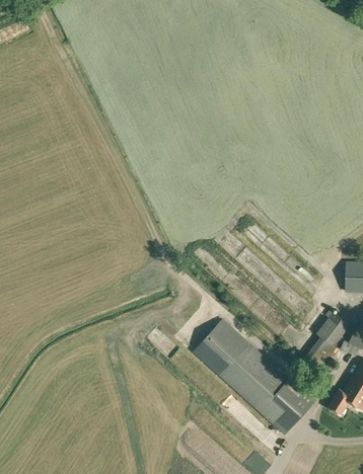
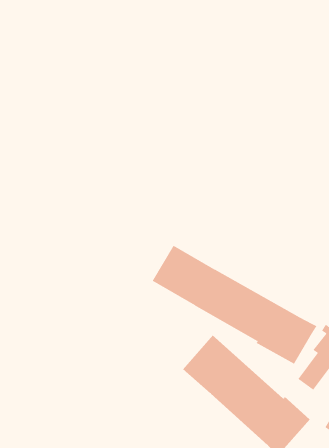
building: none -> [152,245,317,365]

